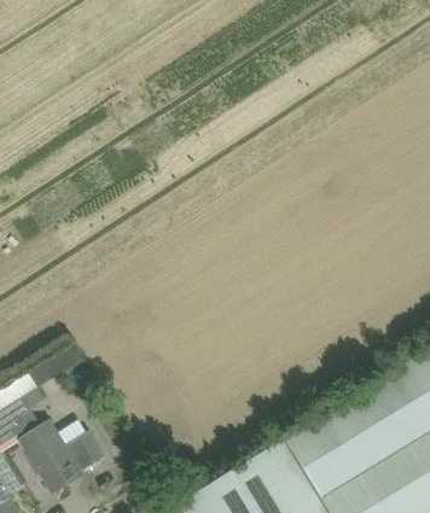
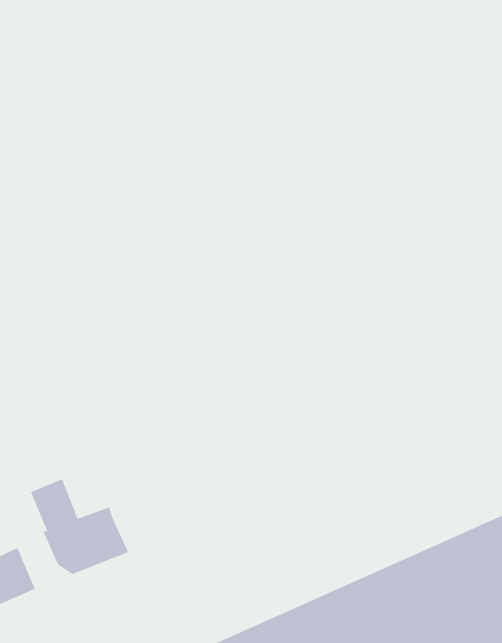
building: none -> [30,478,129,575]

